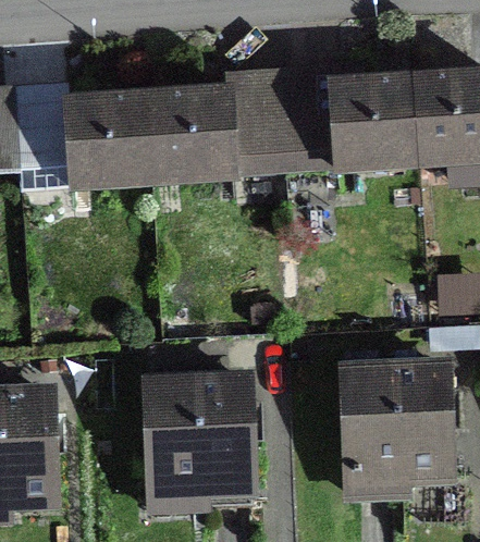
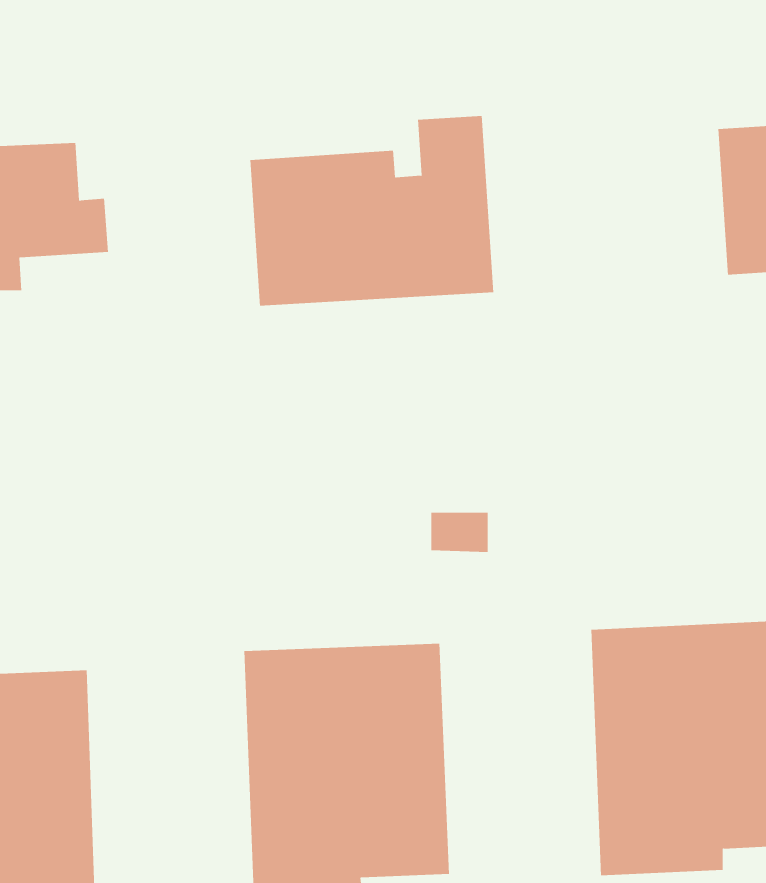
building: [278,69,416,171] -> none
building: [63,96,151,185] -> none

